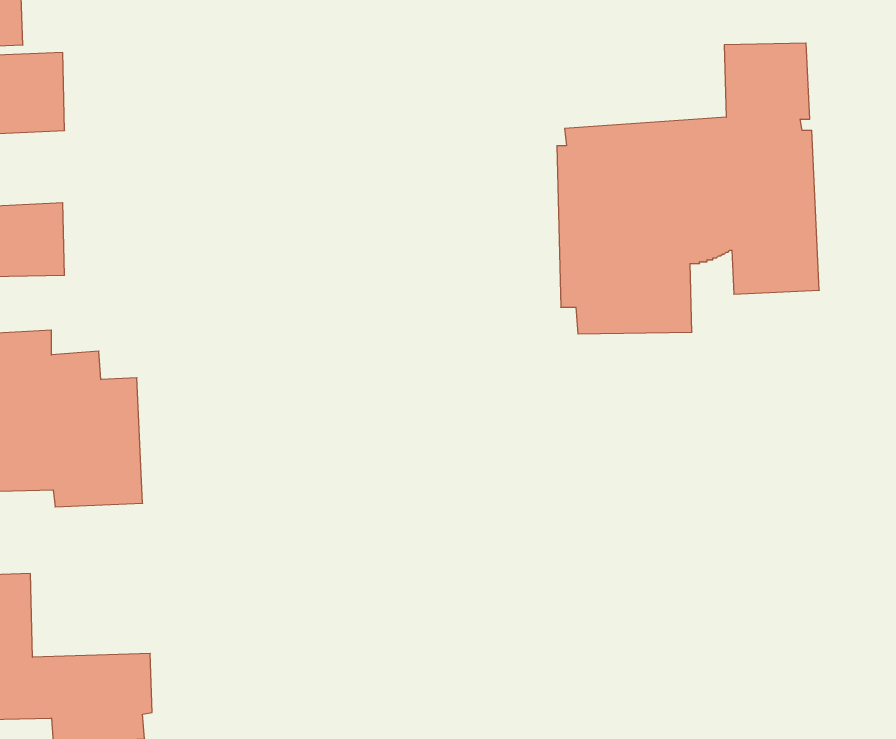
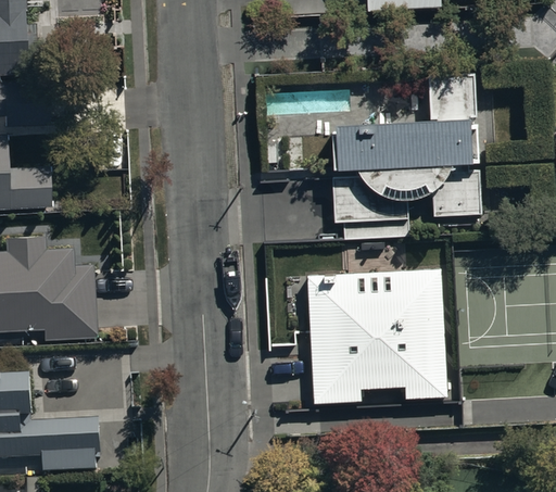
building: none -> [306,268,447,403]

